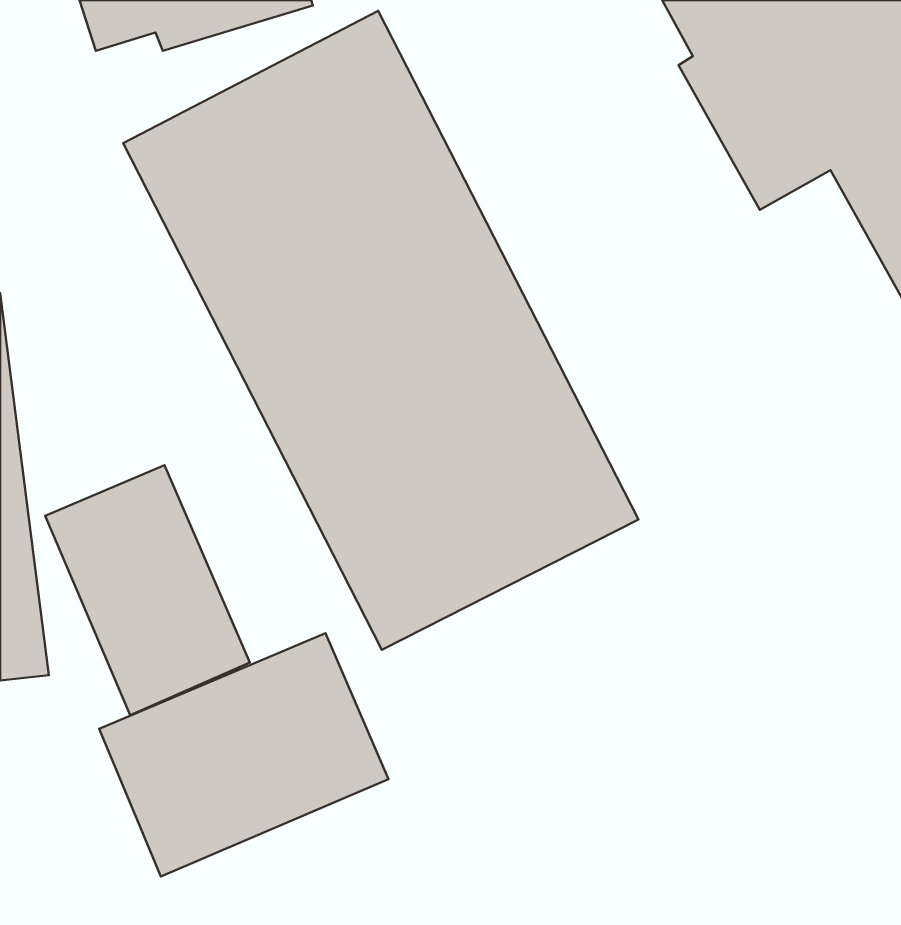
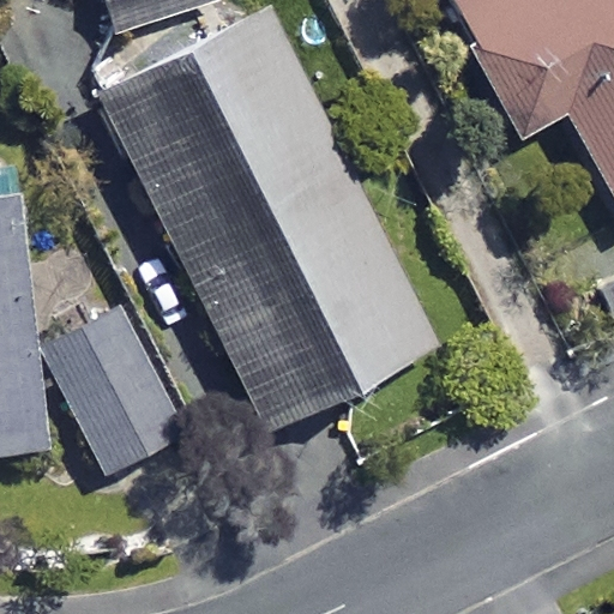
building: [99,633,388,877] -> none

